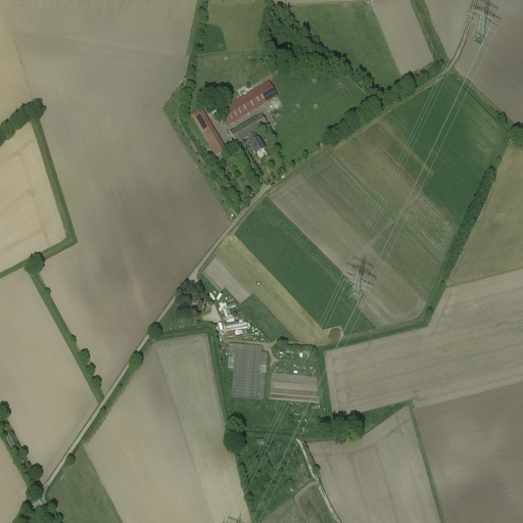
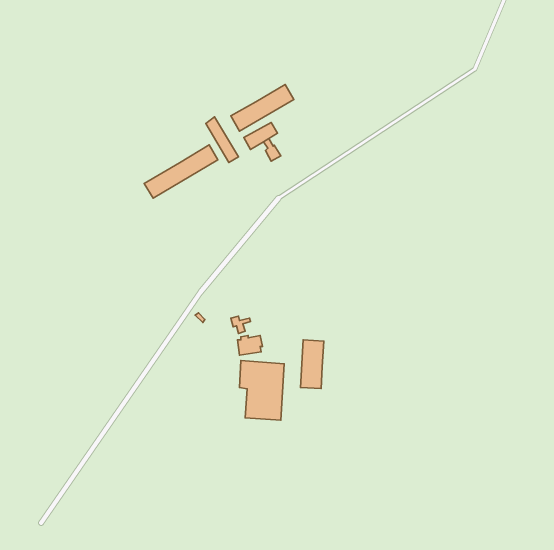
building: none -> [144,145,218,198]
building: none -> [300,340,324,389]

